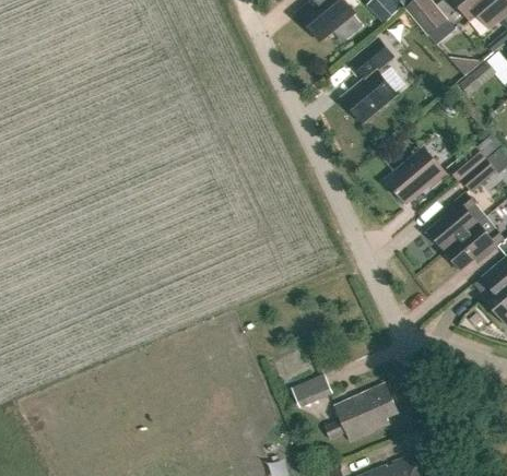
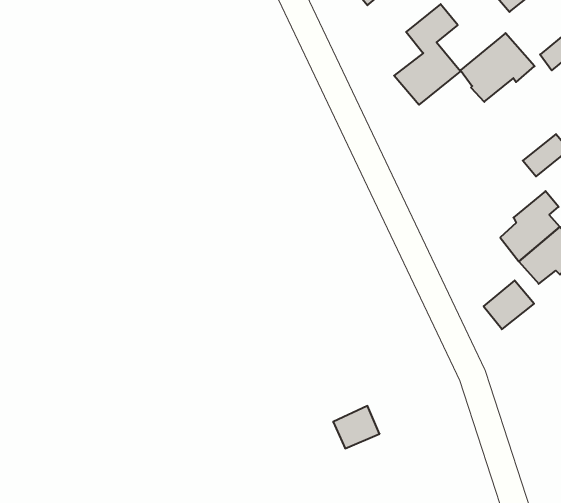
building: [388,148,449,205] -> [460,33,535,102]
building: none -> [484,280,534,329]
building: [329,386,400,442] -> none

